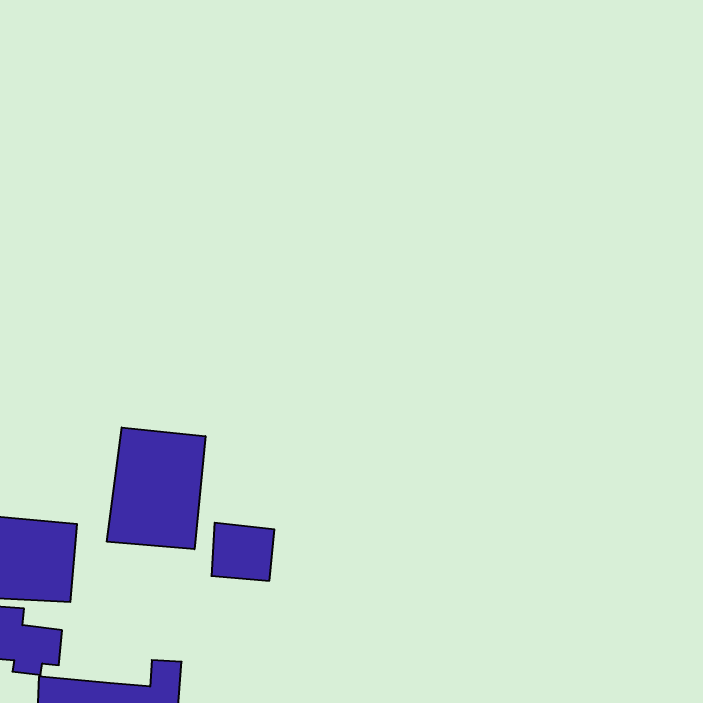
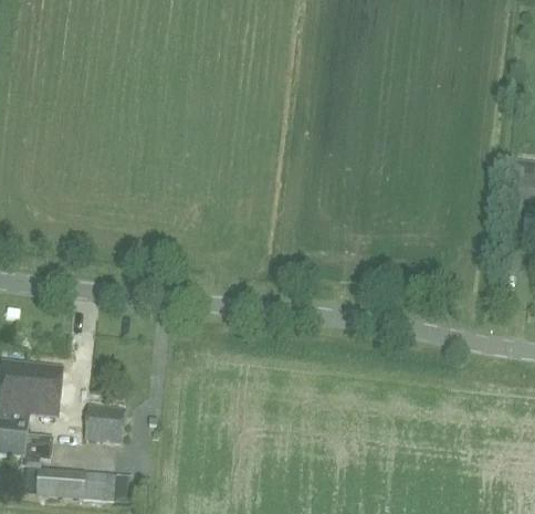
building: [107,427,205,549] -> none
building: [211,523,274,581] -> [83,402,125,441]

